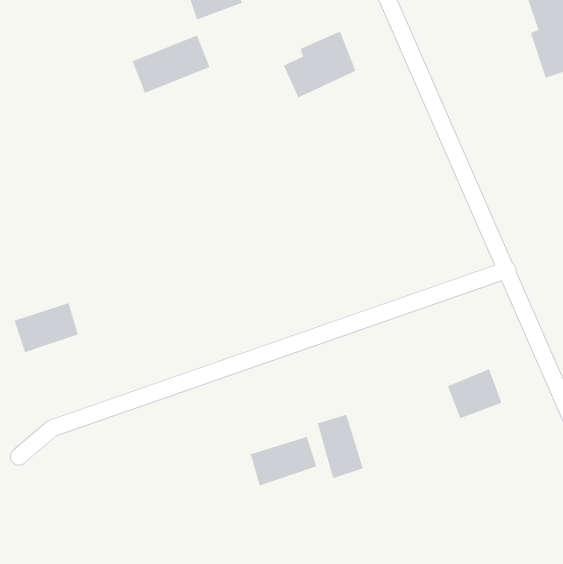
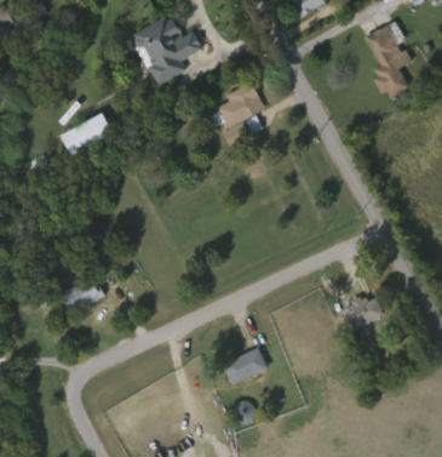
building: [131,34,211,94] -> [61,113,113,155]
building: [317,414,364,479] -> none

